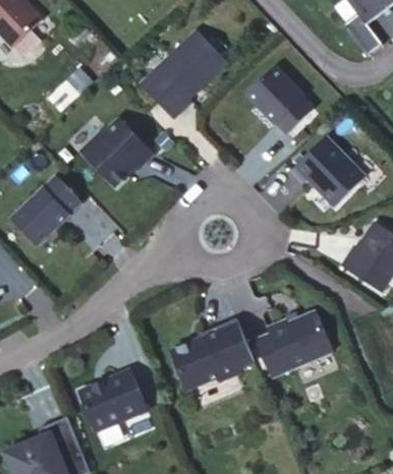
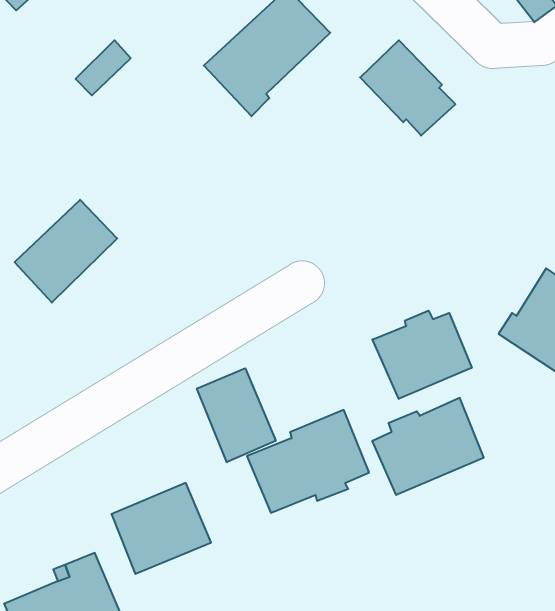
building: [81,119,153,185] -> none
building: [290,137,363,208] -> none
building: none -> [372,311,472,399]
building: none -> [197,368,276,462]

